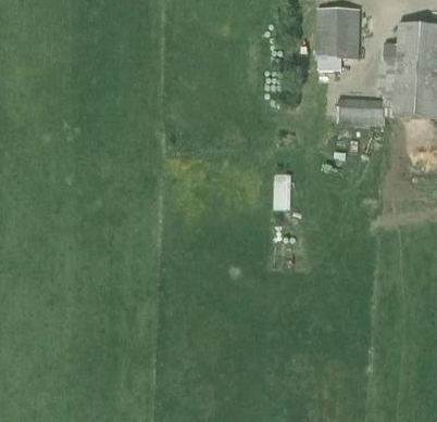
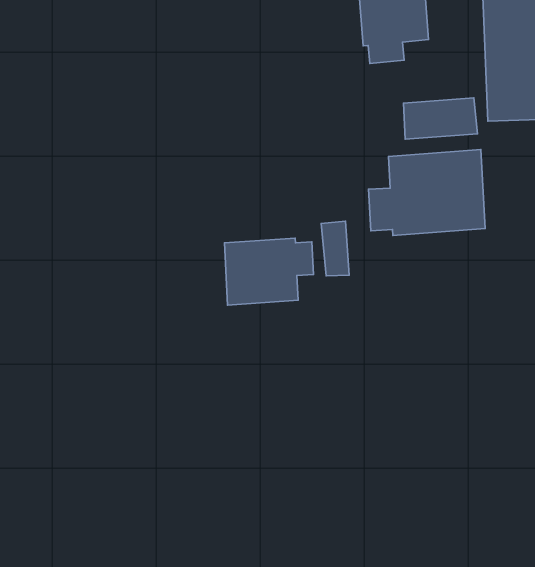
building: none -> [368,149,485,236]
building: none -> [225,238,313,305]

